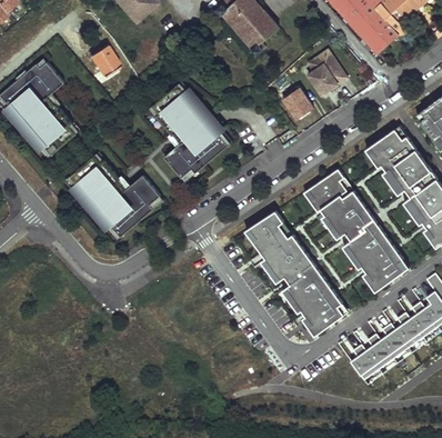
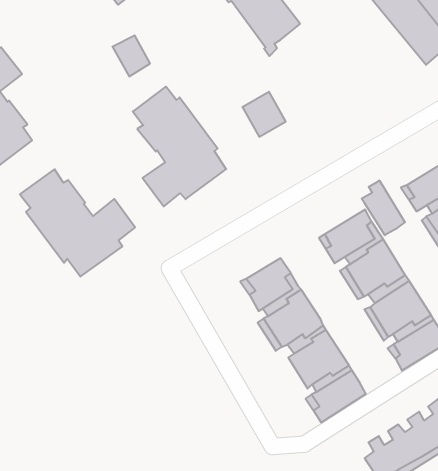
building: [89,43,119,76] -> [112,35,150,76]
building: [308,50,345,94] -> none
building: [280,86,314,121] -> [242,92,286,137]
building: none -> [362,180,405,235]

